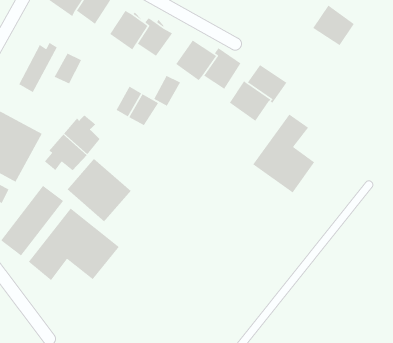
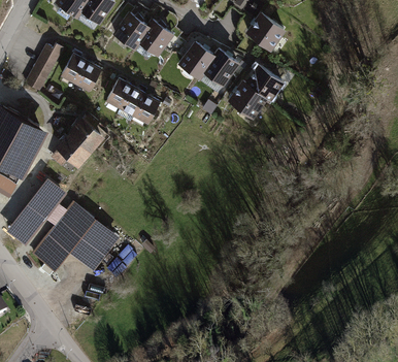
building: [312,5,355,46] -> [243,9,285,50]
building: none -> [73,59,100,91]
building: [153,75,181,107] -> [104,76,131,107]
building: [252,114,315,194] -> none
building: [66,158,132,223] -> none

